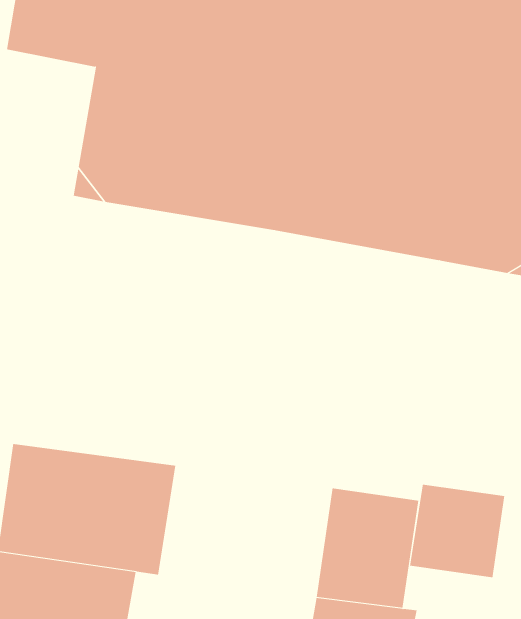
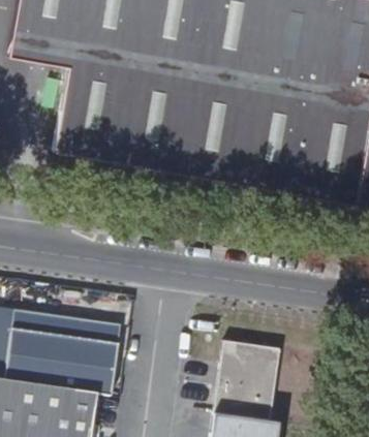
building: [409,484,505,578] -> none

